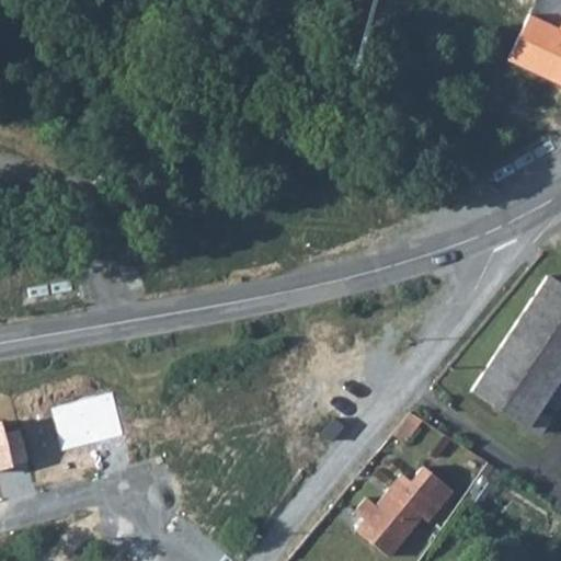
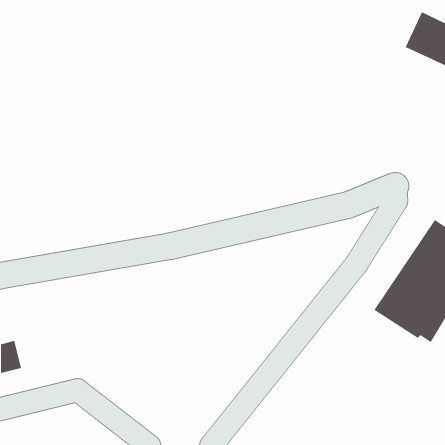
building: [50,392,124,453] -> none
building: [358,466,454,556] -> none

